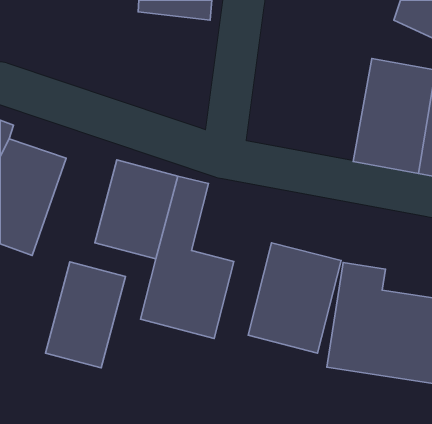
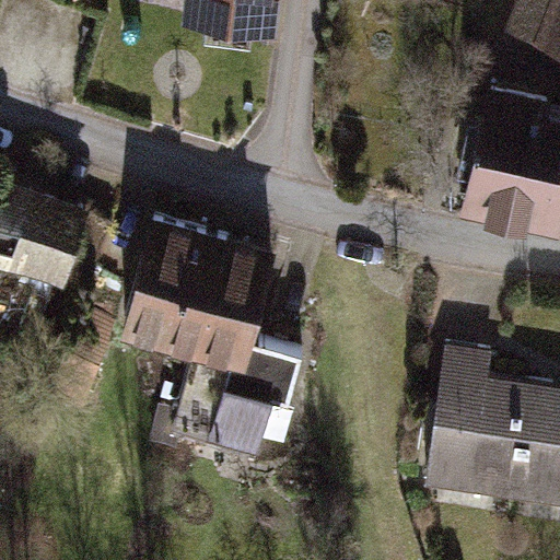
building: [248,243,341,353] -> none
building: [46,262,126,368] -> none

